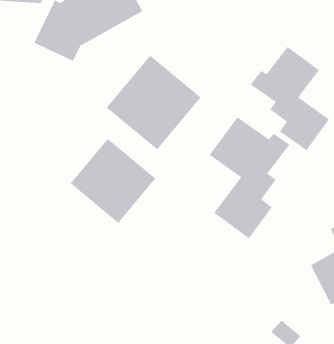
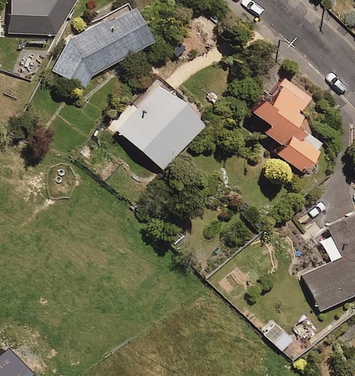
building: [209,117,290,239] -> none
building: [70,138,156,224] -> none

